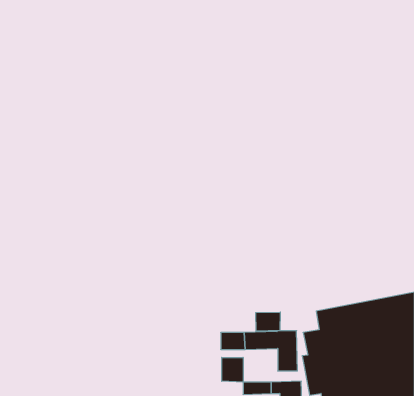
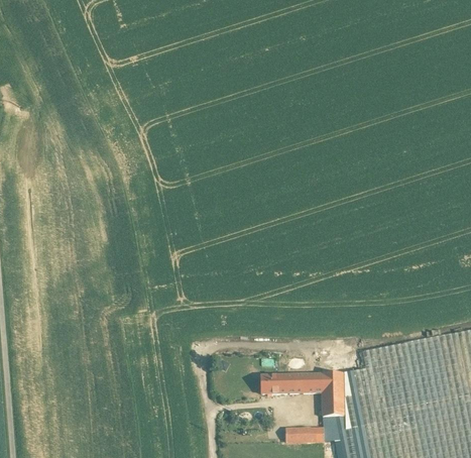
building: [256,312,280,331] -> none
building: [222,357,243,382] -> none

